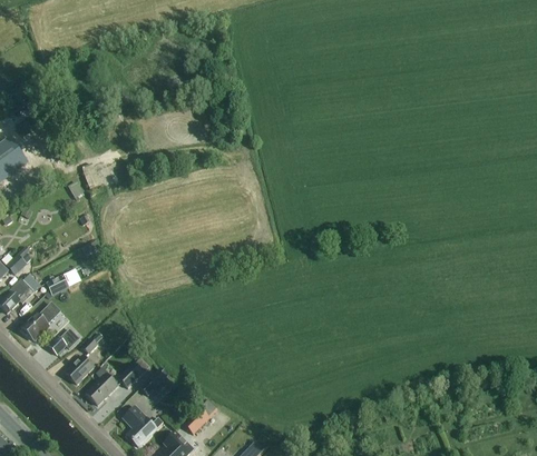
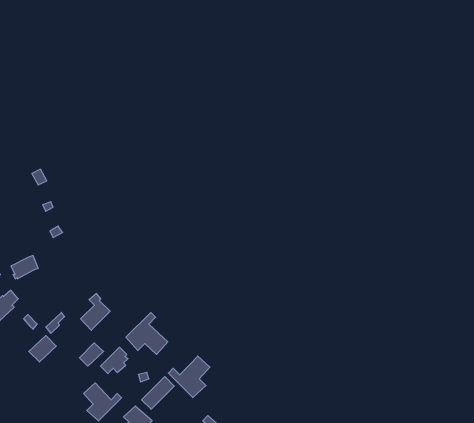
building: none -> [126,313,168,354]
building: [86,367,117,406] -> [81,293,110,330]
building: none -> [168,356,210,398]

